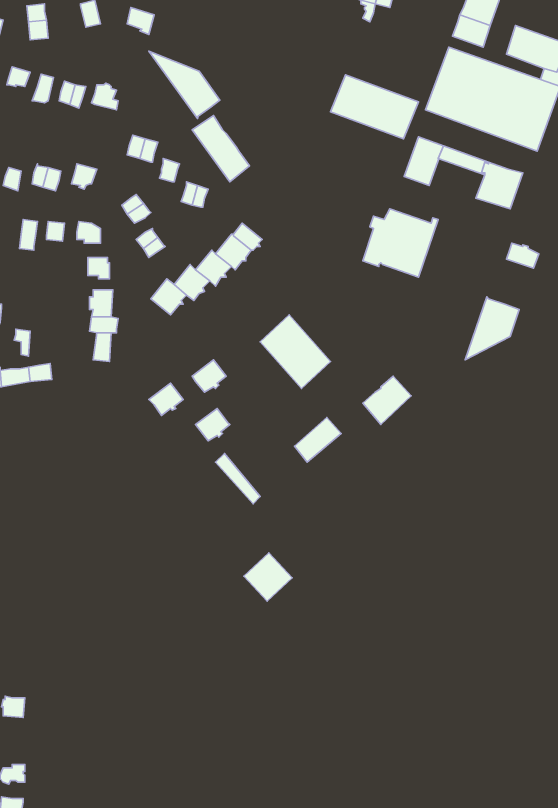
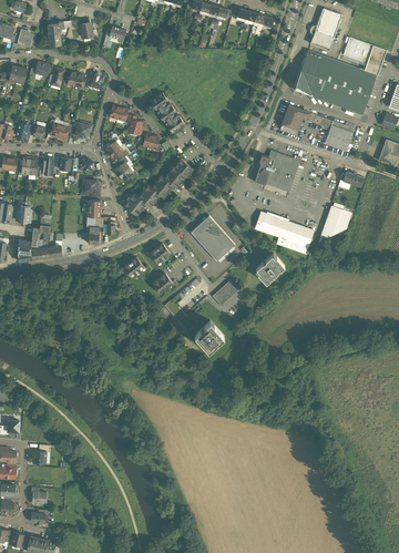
building: [149,51,220,118] -> none
building: [330,75,419,139] -> none
building: none -> [255,212,314,254]
building: [244,553,292,601] -> [194,320,224,350]

